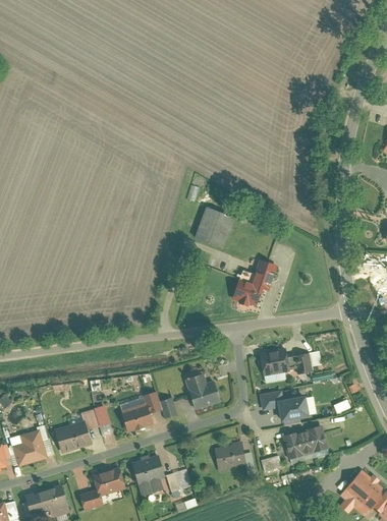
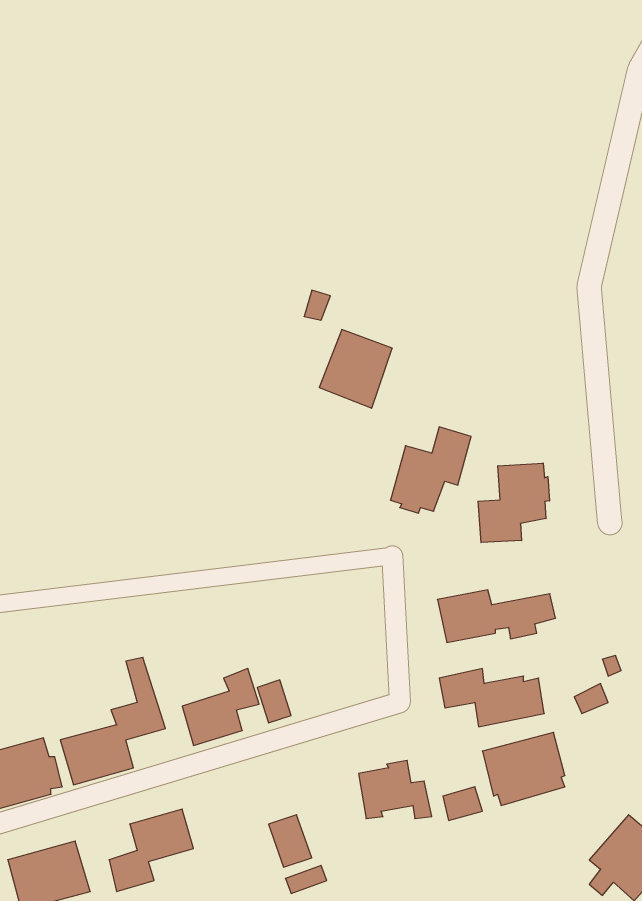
building: none -> [478,463,549,543]
building: [185,373,220,410] -> none
building: [130,455,163,497] -> none

